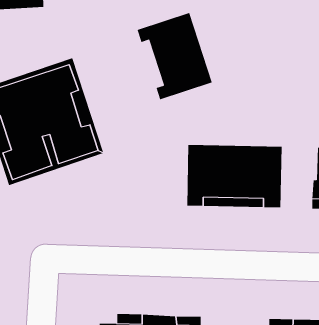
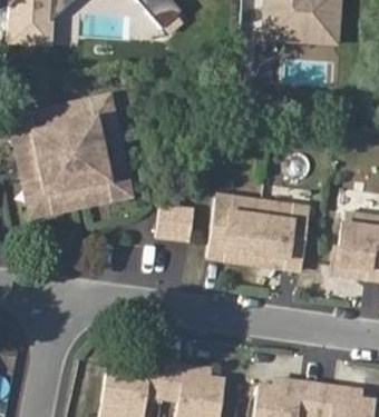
building: [137,12,212,100] -> none
building: none -> [154,203,188,241]

